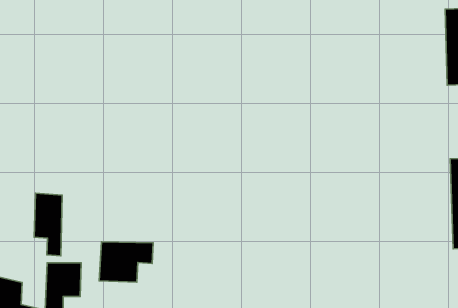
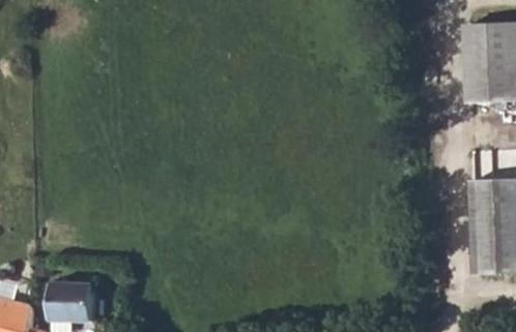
building: [34,193,62,256] -> none
building: [99,242,153,282] -> none

